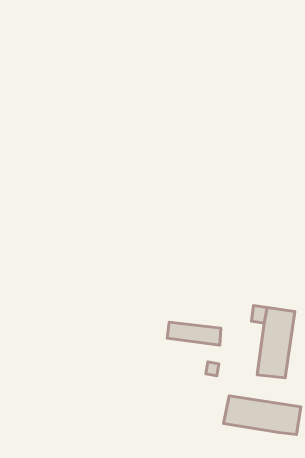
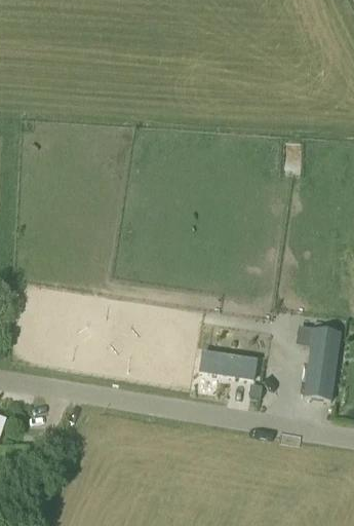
building: [224,396,301,434] -> none

